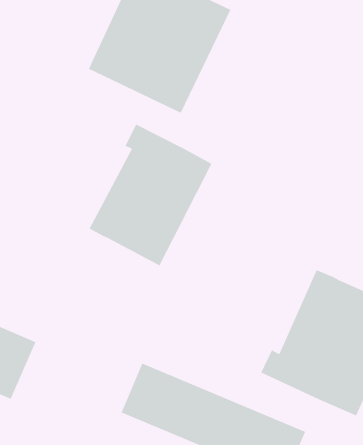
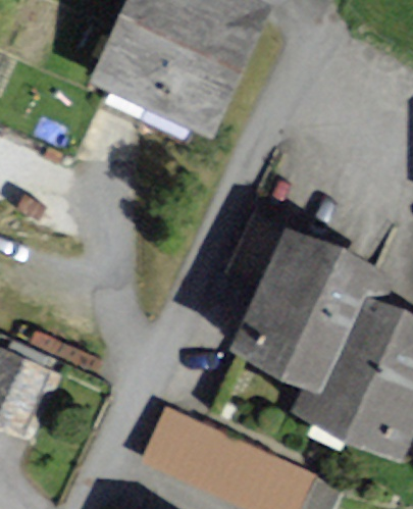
building: [89,124,213,267] -> none
building: none -> [234,243,380,392]

